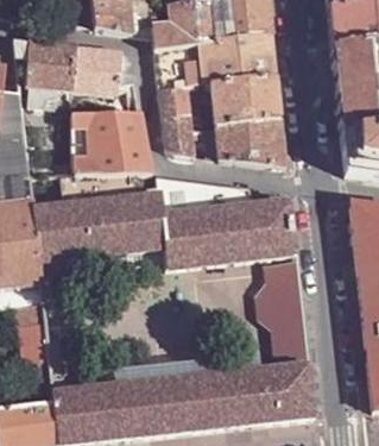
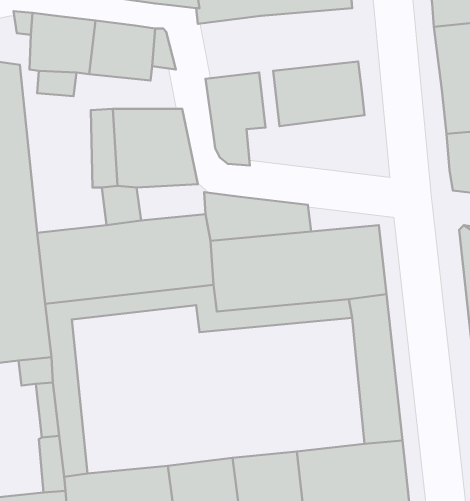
building: [153,34,274,88] -> none
building: [215,115,285,165] -> none

